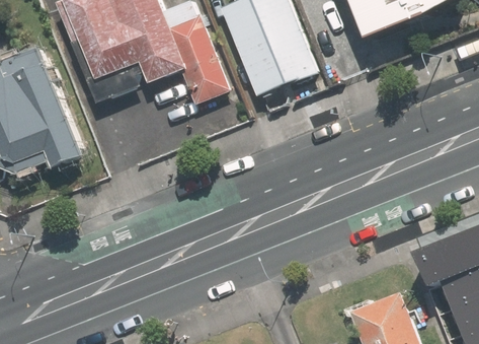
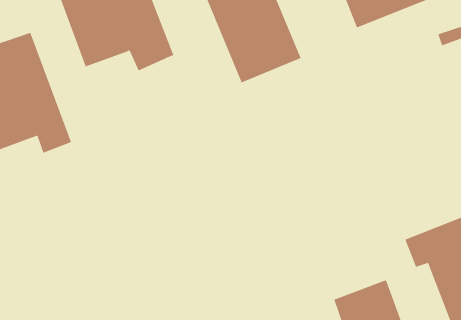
building: [167,16,226,106] -> none

